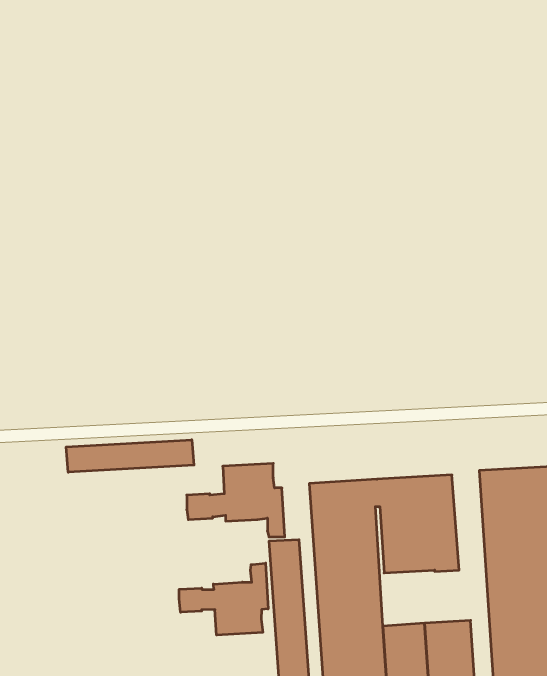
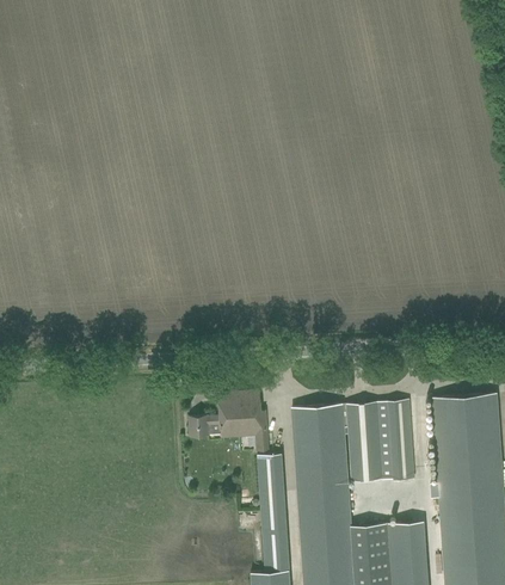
building: [66,440,194,472] -> none
building: [179,563,268,635] -> none

